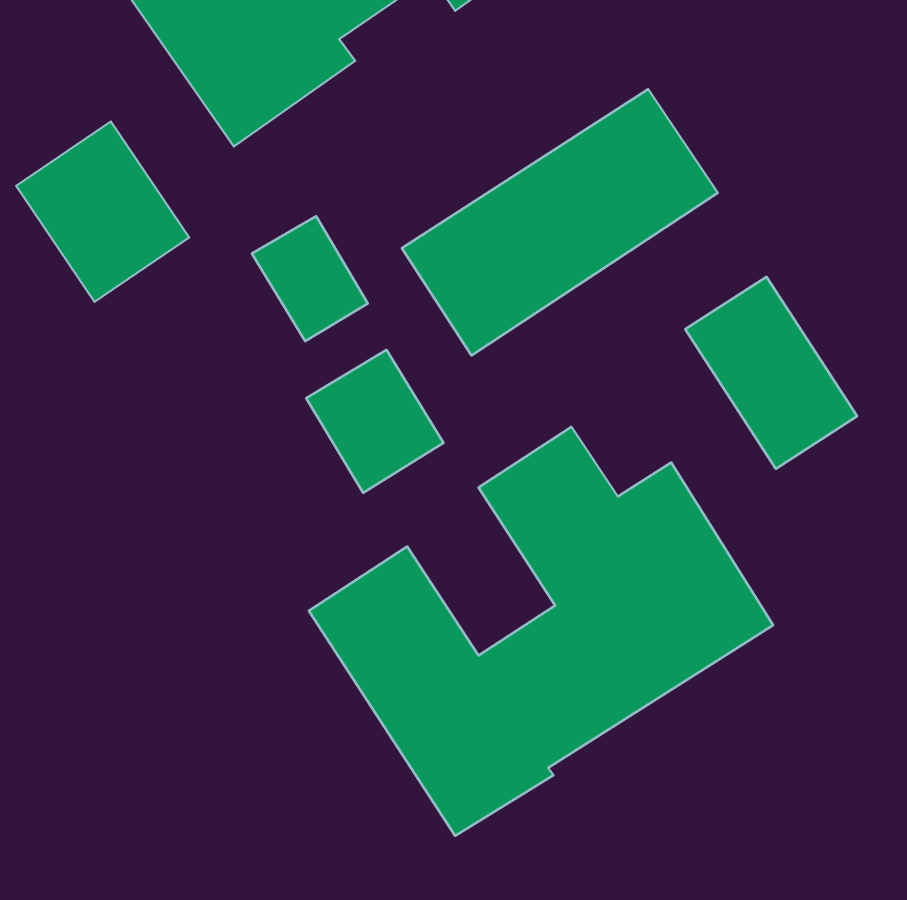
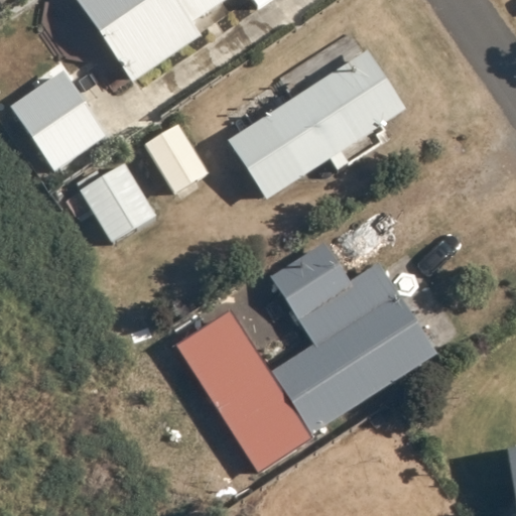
building: [685,277,857,469] -> none
building: [306,350,443,493] -> [79,161,156,242]

